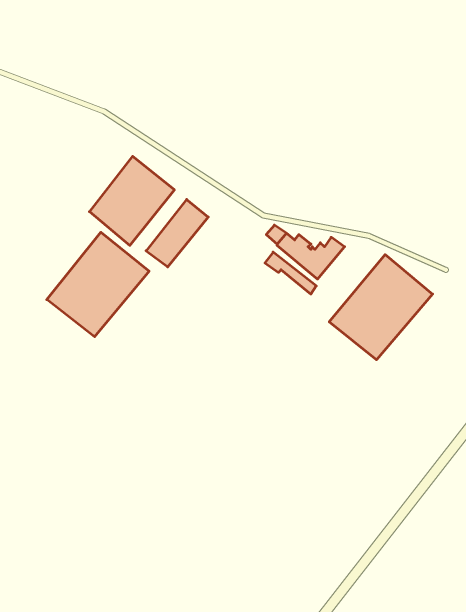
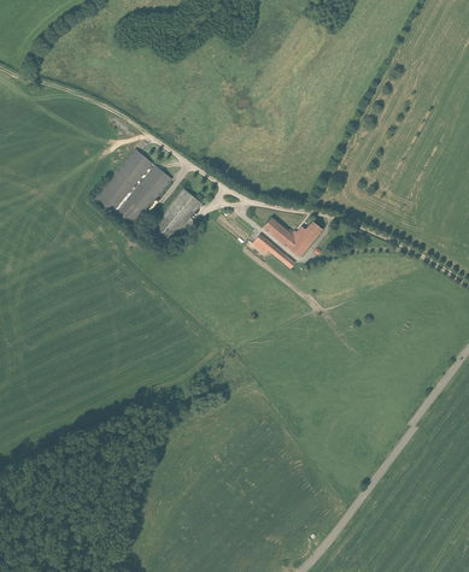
building: [47,232,149,337] -> none
building: [329,255,433,360] -> none

